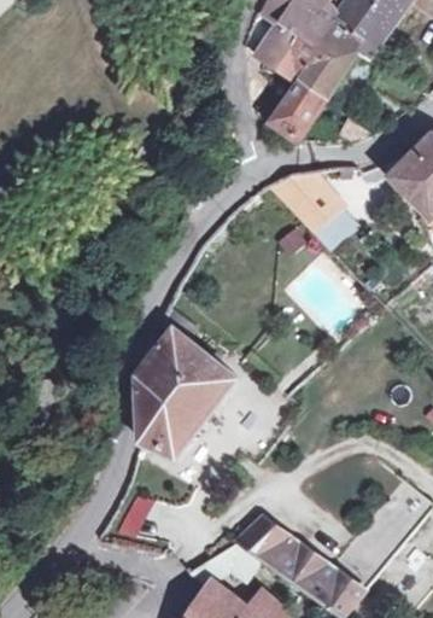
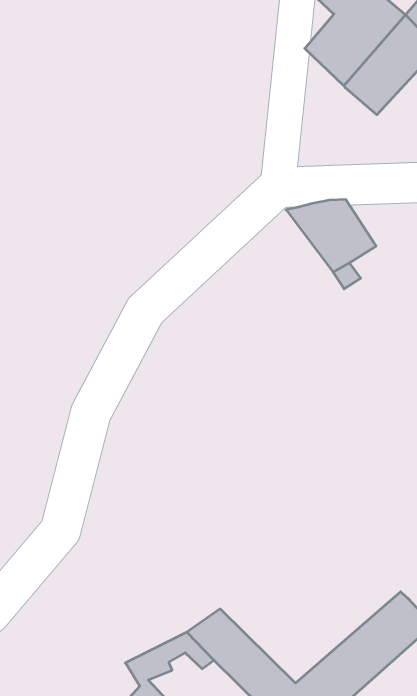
building: [269,80,326,140] -> none
building: [136,304,235,456] -> none

